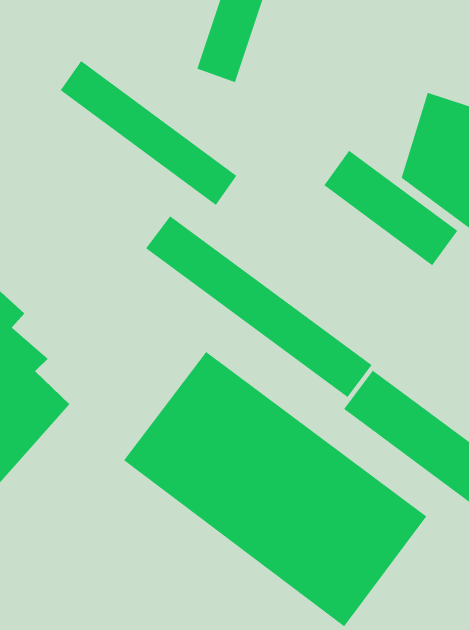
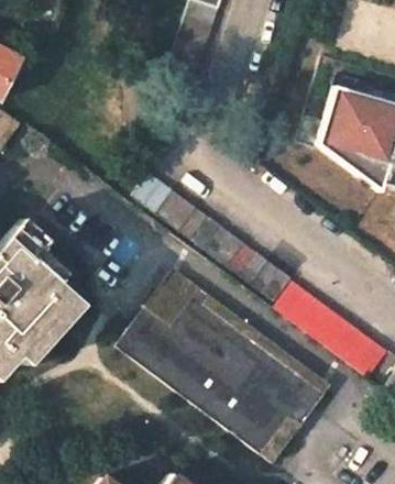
building: [60,60,237,206] -> none
building: [323,150,458,266] -> none

